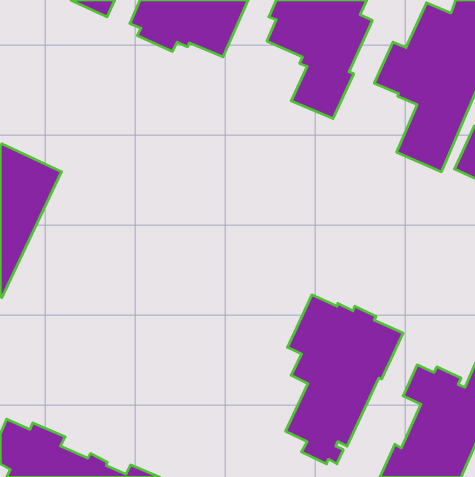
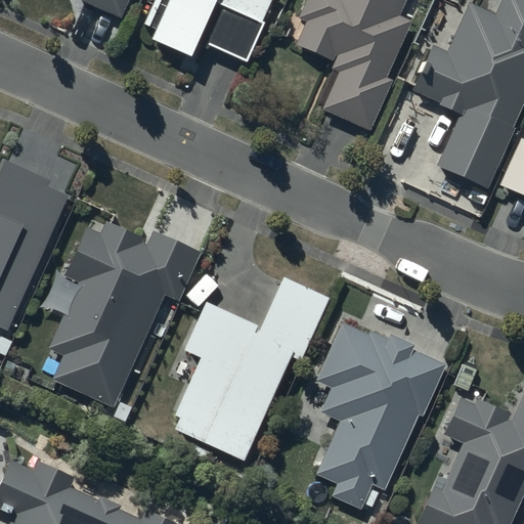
building: none -> [51,222,201,406]
building: none -> [173,278,331,462]

